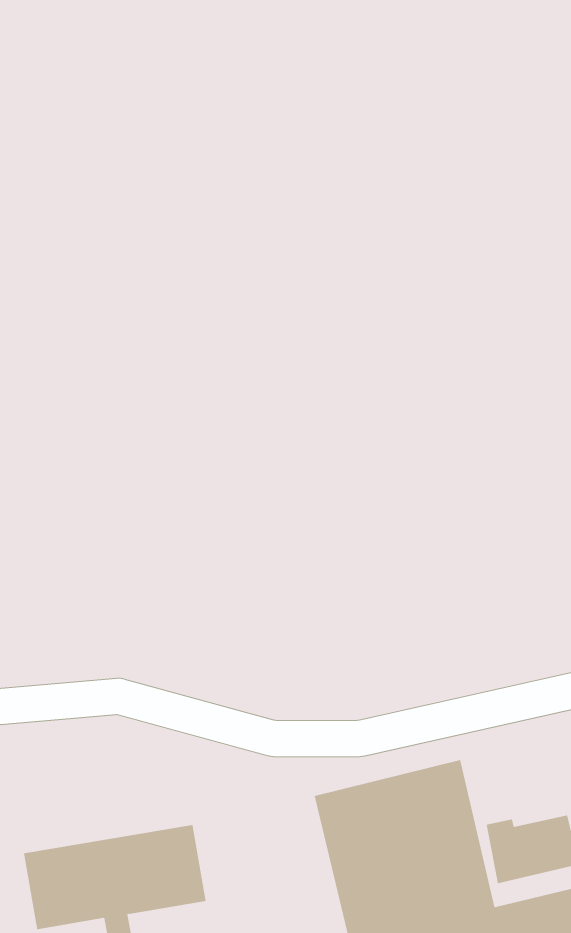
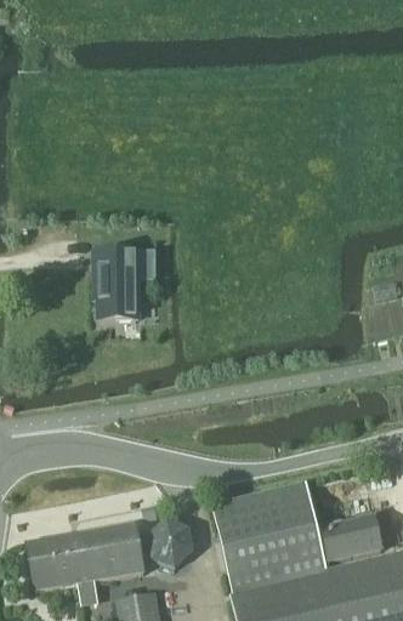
building: none -> [95,250,155,319]
building: none -> [148,518,194,568]

